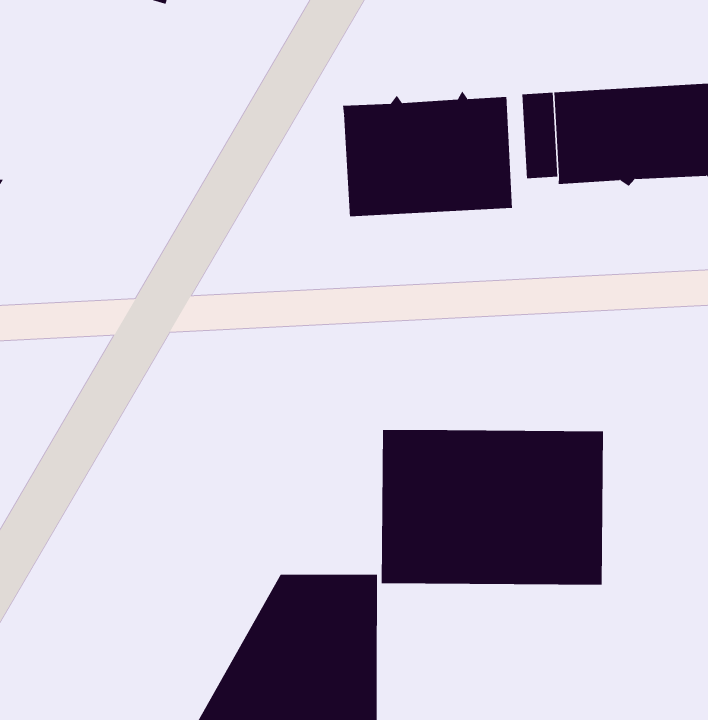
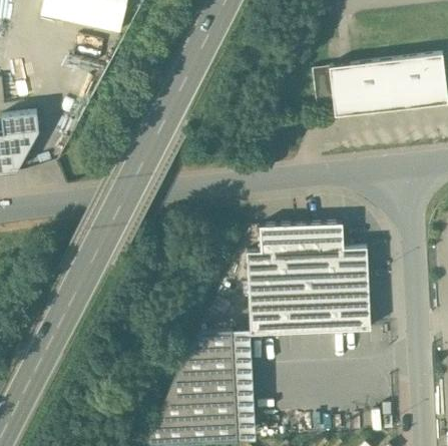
building: [342,91,513,217] -> none
building: none -> [261,222,346,252]

